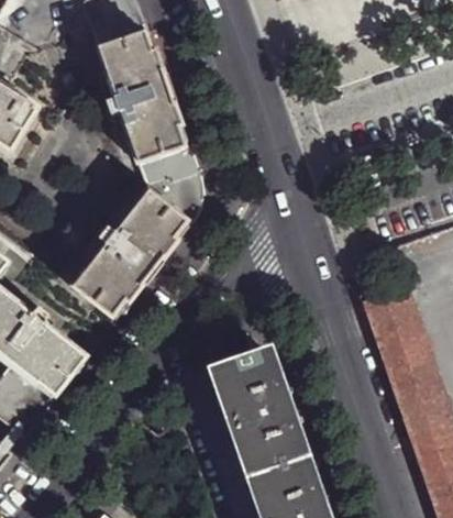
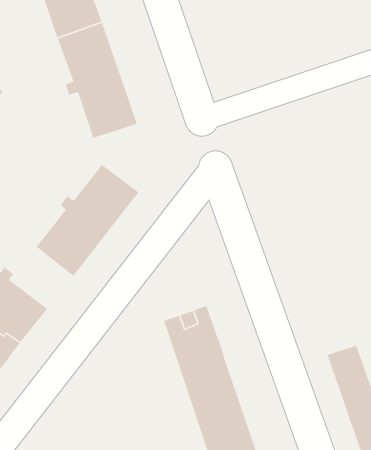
building: [137,145,203,222] -> none
building: [365,290,443,406] -> none

